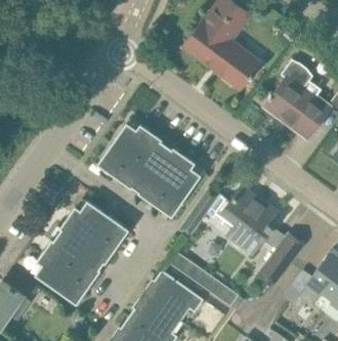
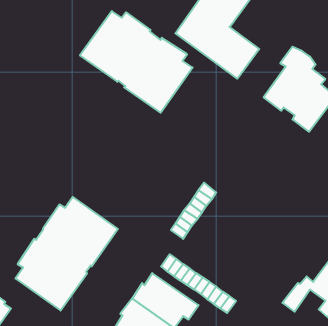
building: [96,123,201,217] -> [80,11,193,113]
building: [219,184,303,286] -> none

